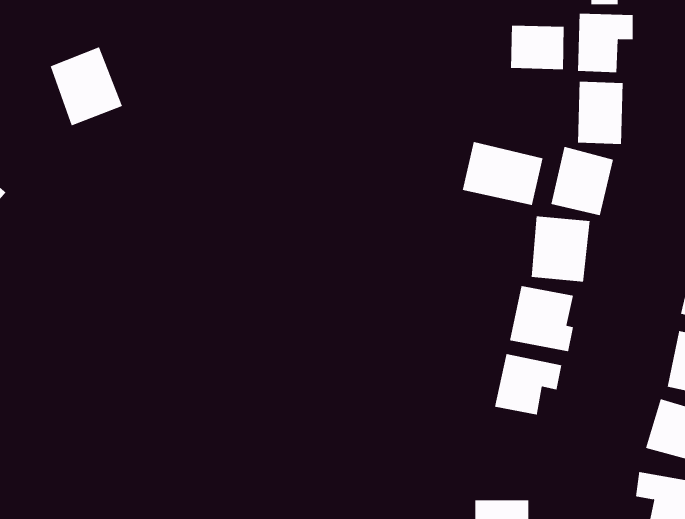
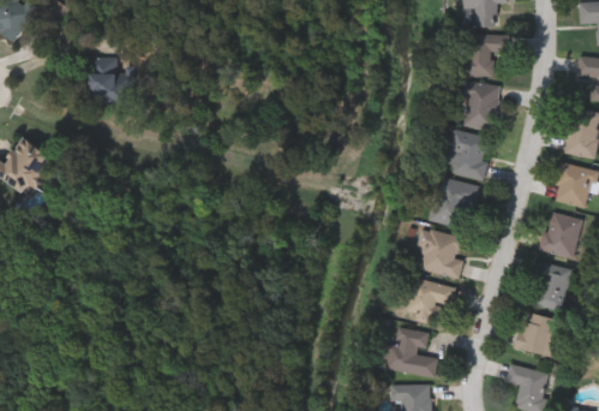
building: [511,25,564,70] -> none
building: [462,141,543,206] -> none
building: none -> [378,327,435,376]

